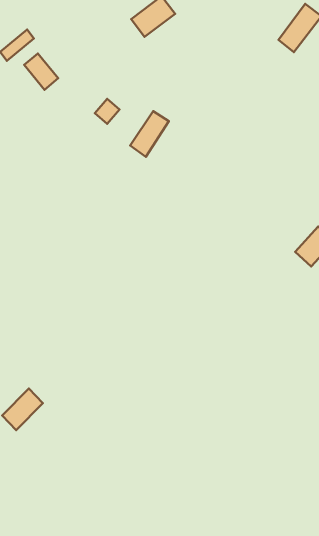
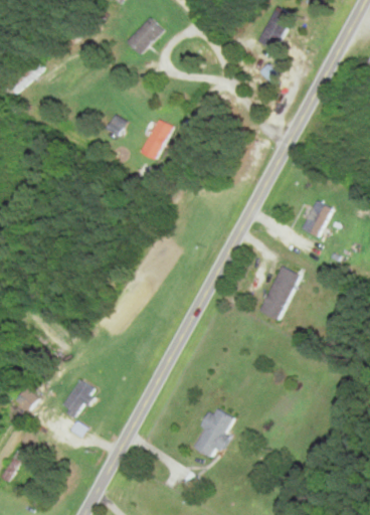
building: [24,53,58,90] -> none
building: none -> [258,266,300,321]
building: none -> [191,408,234,457]

